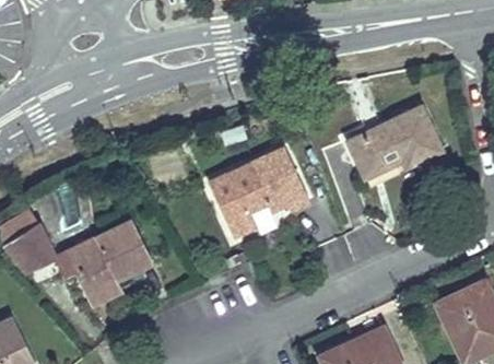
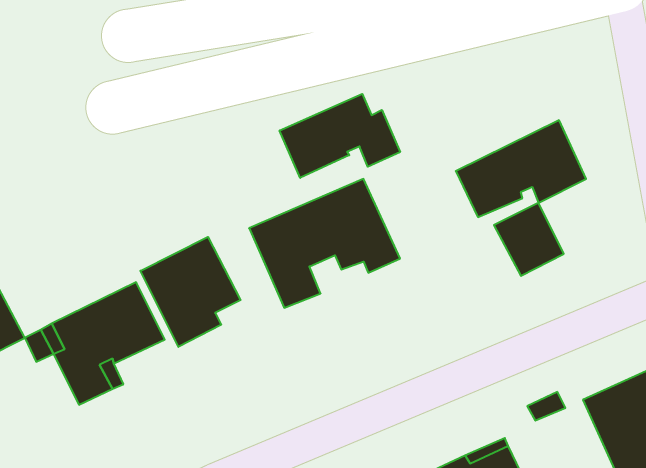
building: none -> [280,94,400,178]
building: none -> [140,237,241,347]

